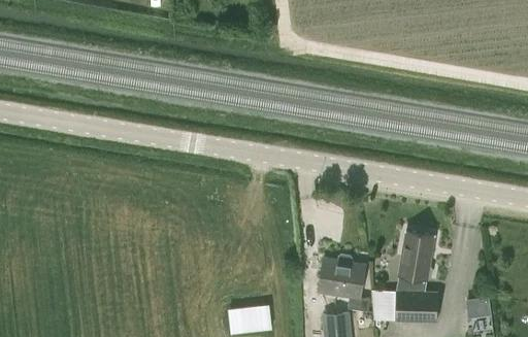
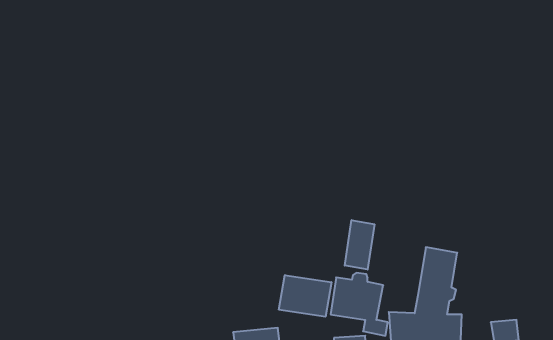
building: none -> [345,220,374,270]
building: none -> [279,275,331,317]

